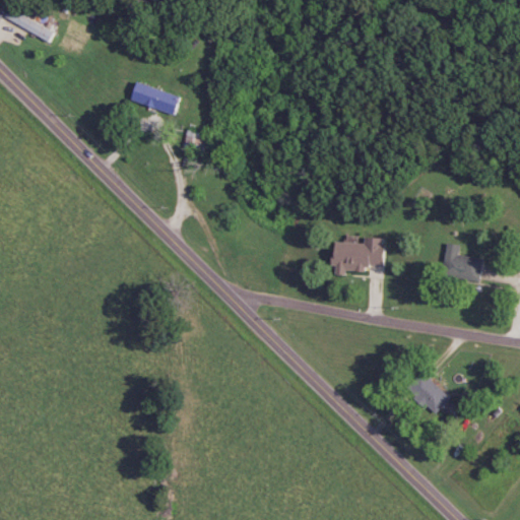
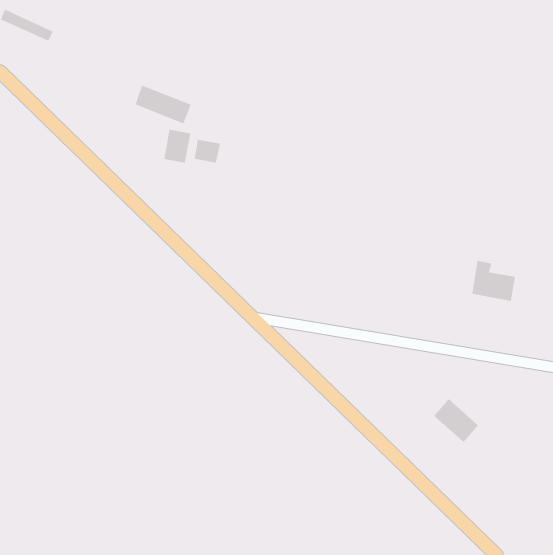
building: none -> [164,129,191,163]
building: [330,237,387,273] -> none

